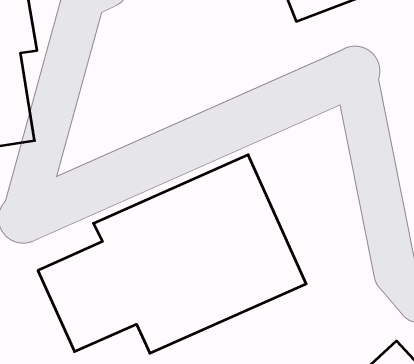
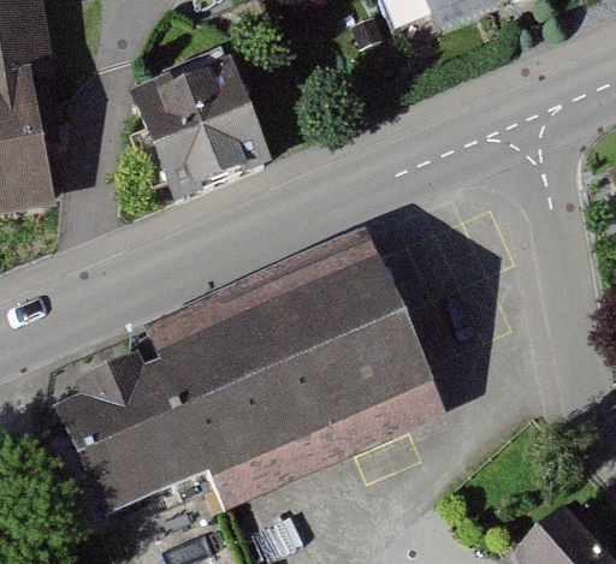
building: none -> [159,59,265,172]

